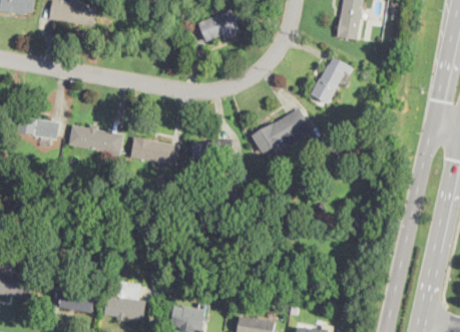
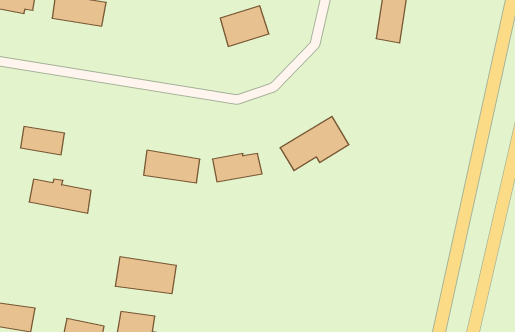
building: [308,55,352,108] -> none
building: [67,125,122,155] -> [29,179,91,213]
building: none -> [115,257,176,294]

